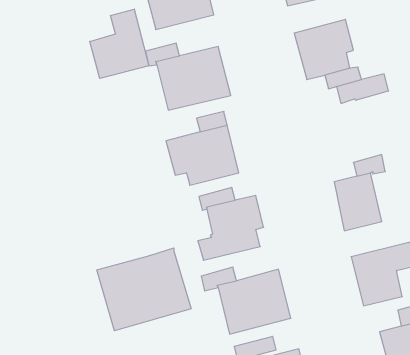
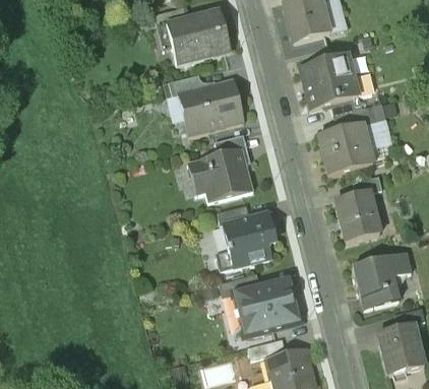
building: [90,9,149,78] -> none
building: none -> [320,125,367,175]
building: [97,248,191,331] -> none

